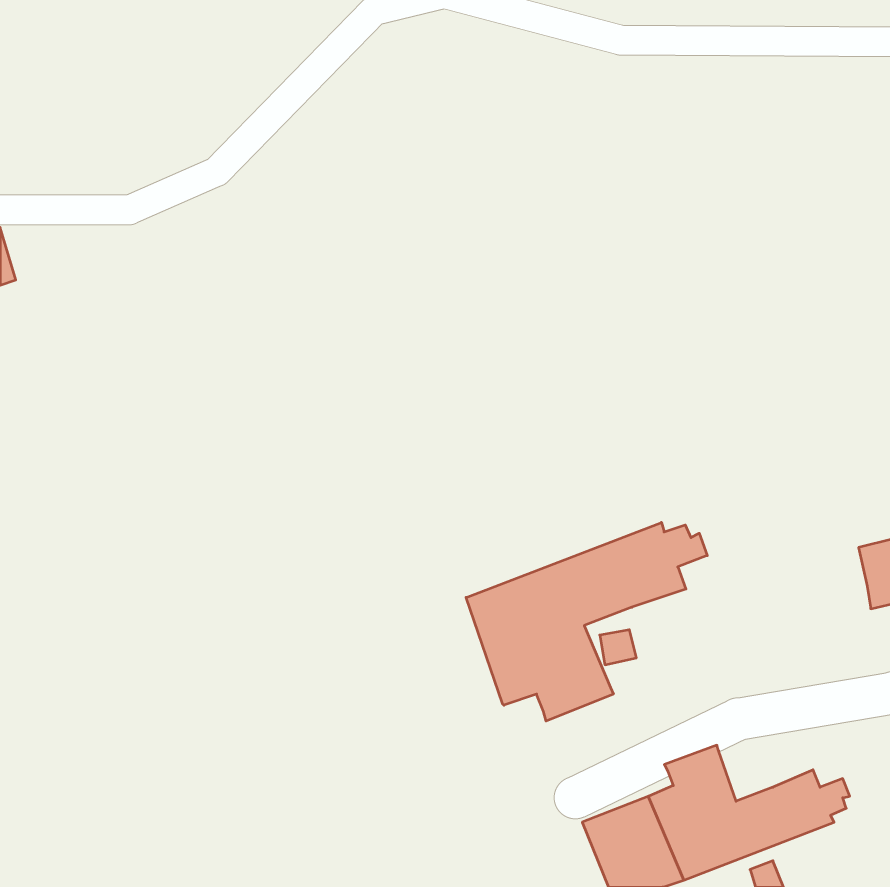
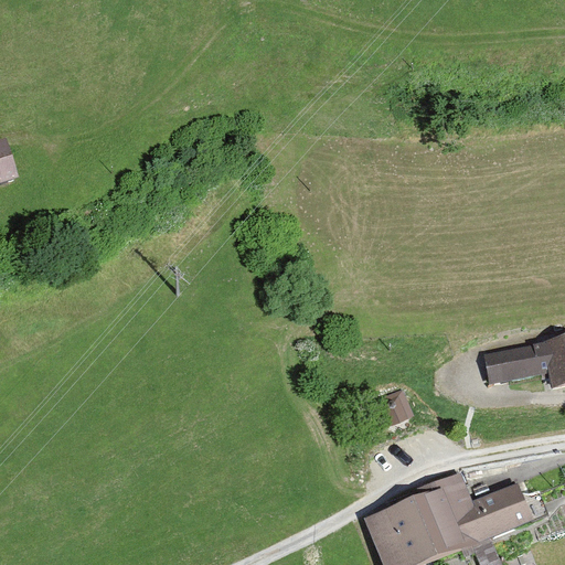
building: [466,522,707,721] -> none
building: none -> [486,345,550,381]

